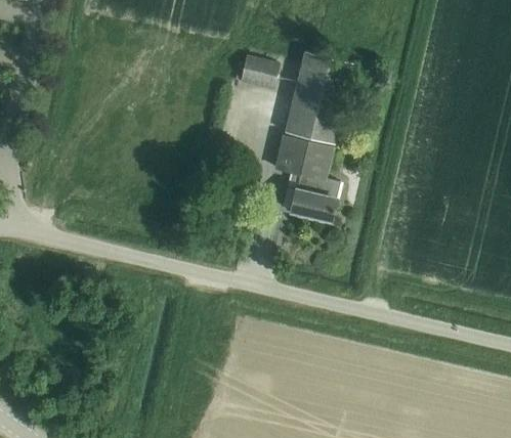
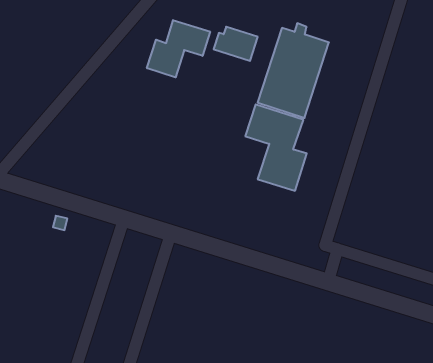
building: none -> [147,20,210,77]

